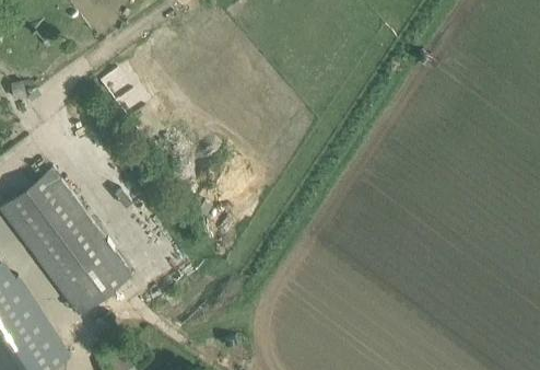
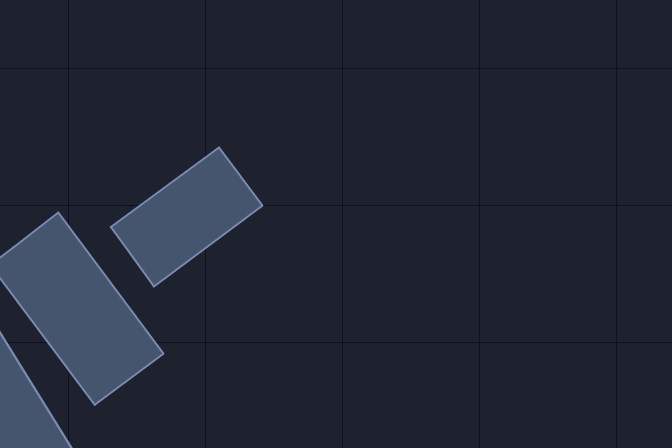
building: none -> [111,147,262,287]

